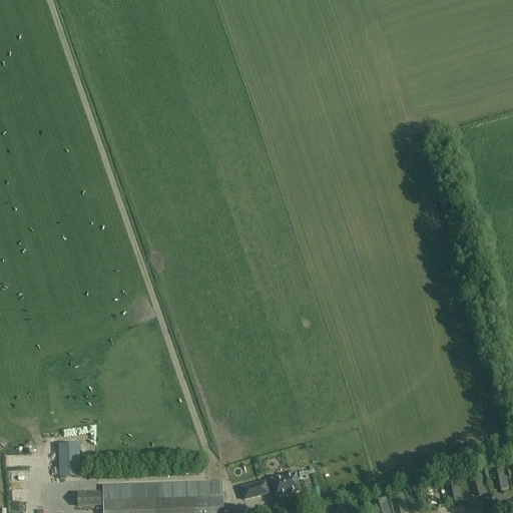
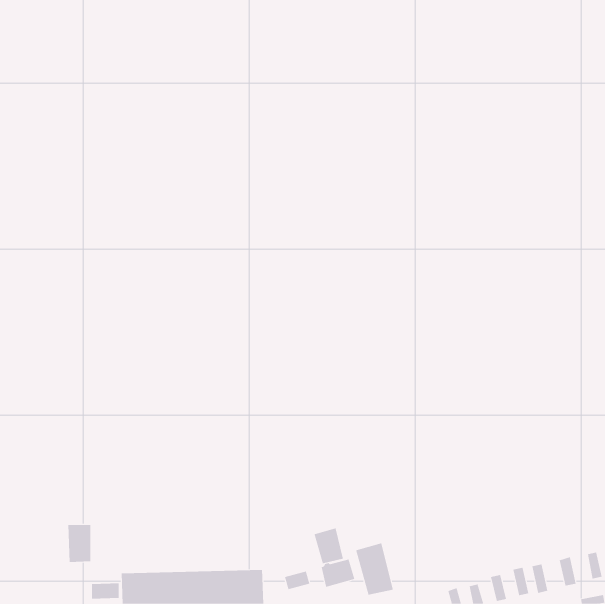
building: none -> [314,528,344,564]
building: none -> [355,543,393,596]

